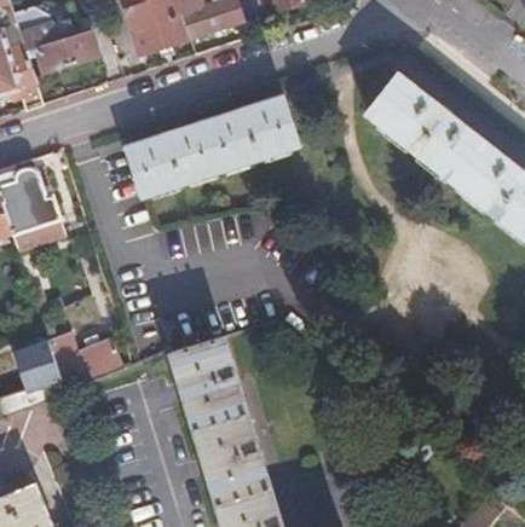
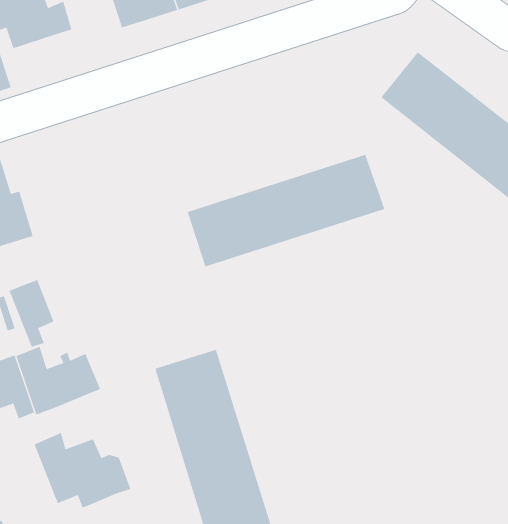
building: [123,99,298,198] -> [187,154,385,267]
building: none -> [8,279,54,348]
building: none -> [34,432,131,508]

